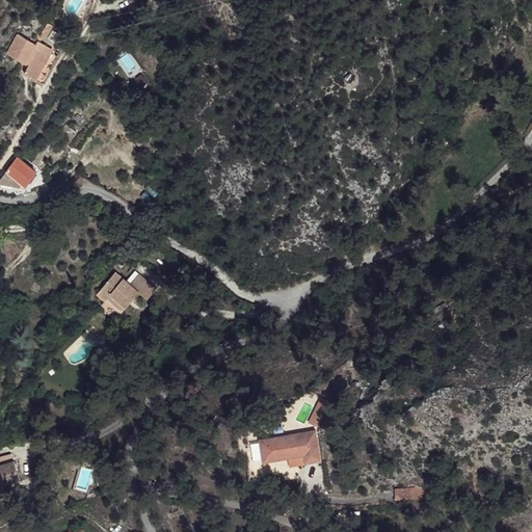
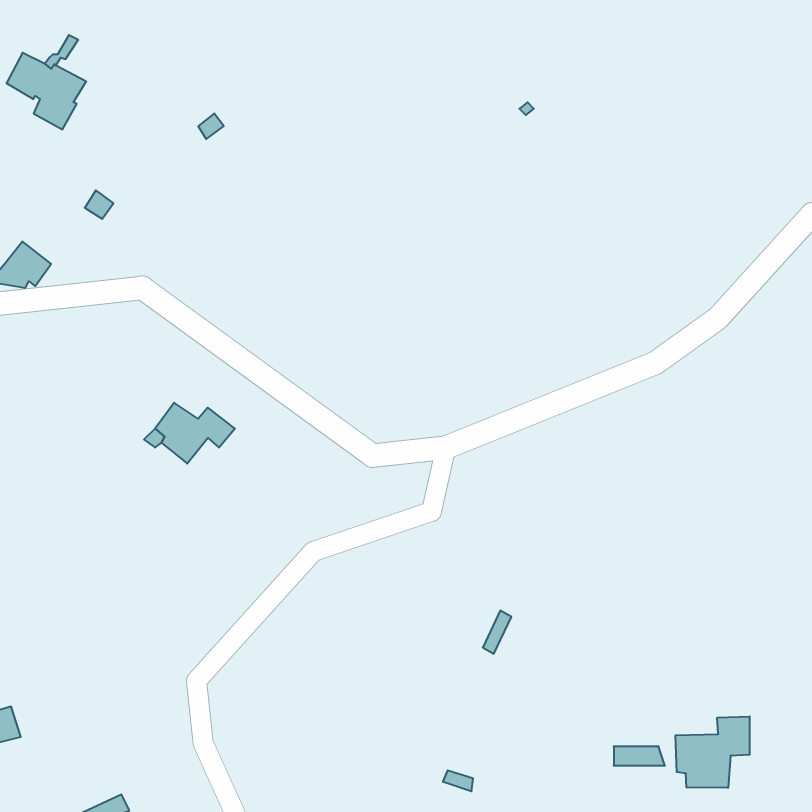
building: [265,435,324,463] -> none
building: none -> [676,716,750,788]

